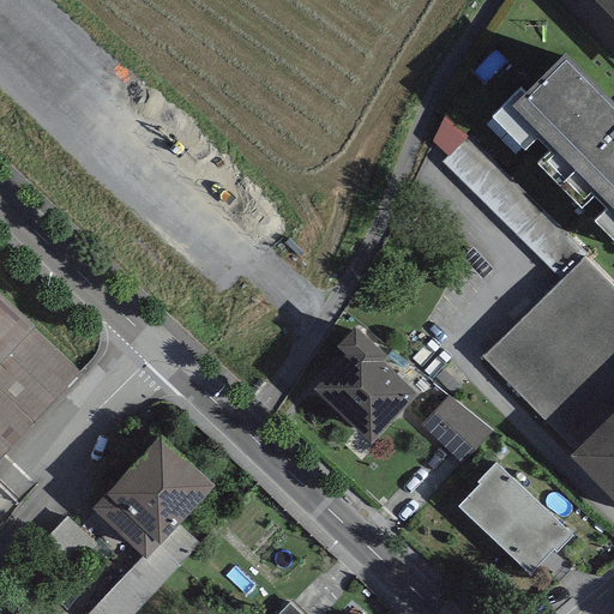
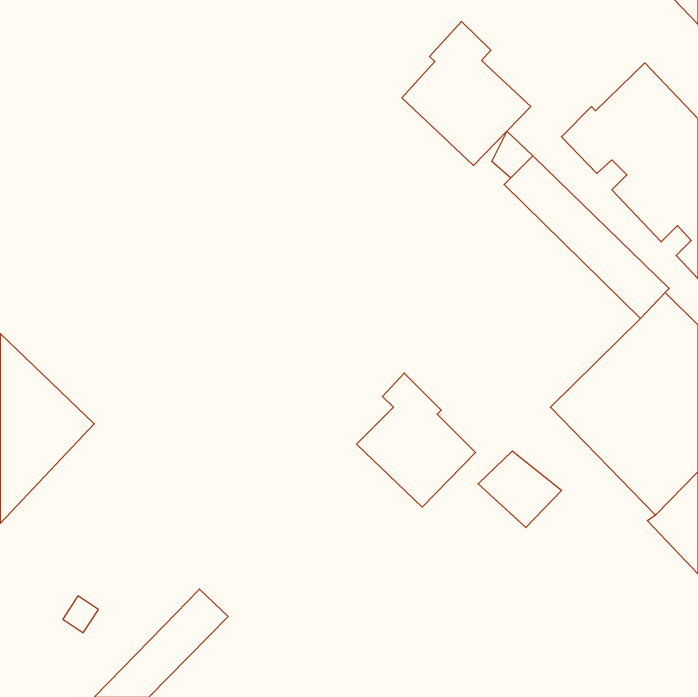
building: none -> [402,21,531,166]
building: [91,426,213,549] -> none
building: [458,463,572,574] -> none

